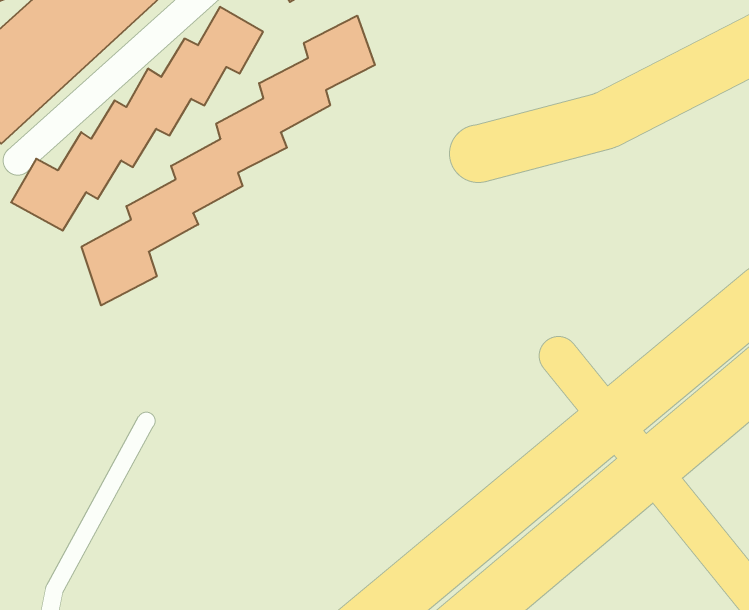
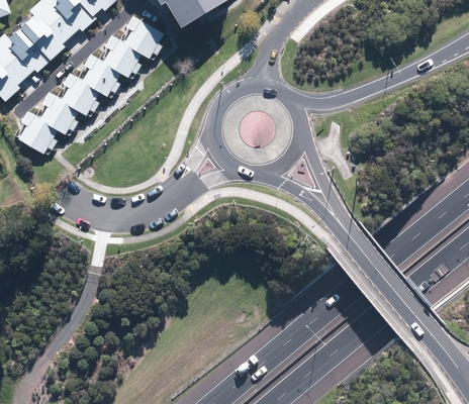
building: [82,16,375,305] -> none

